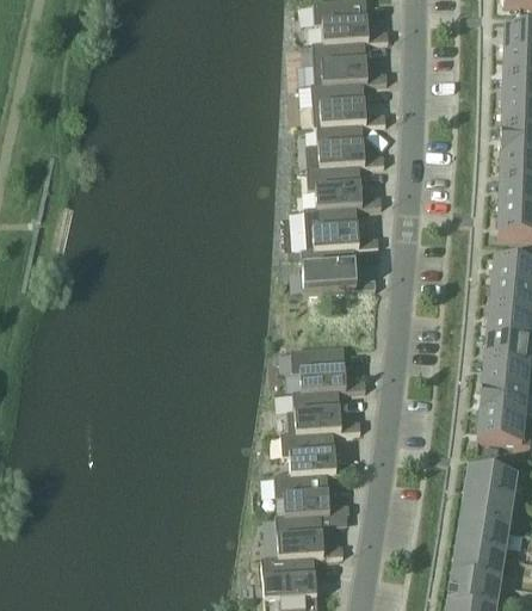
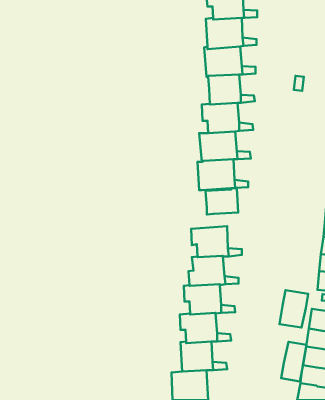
building: none -> [206,188,238,215]
building: none -> [280,290,308,328]
building: none -> [281,342,306,381]

